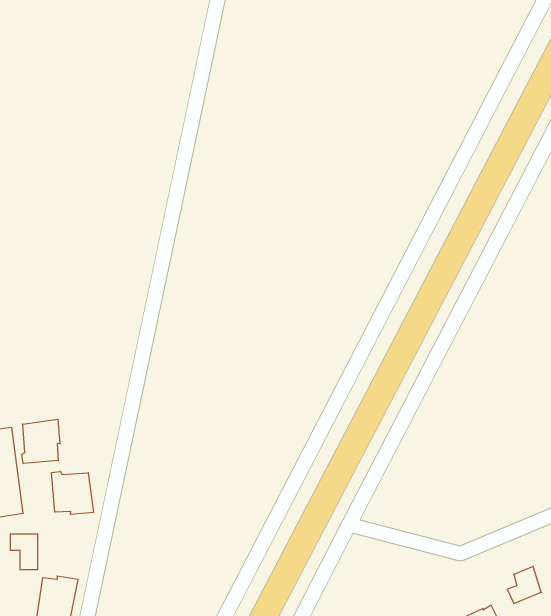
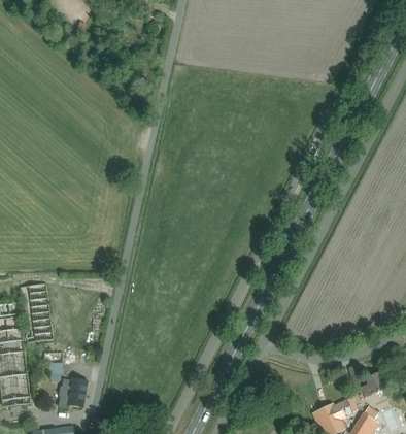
building: [22,419,60,464] -> none
building: [52,471,93,514] -> none

